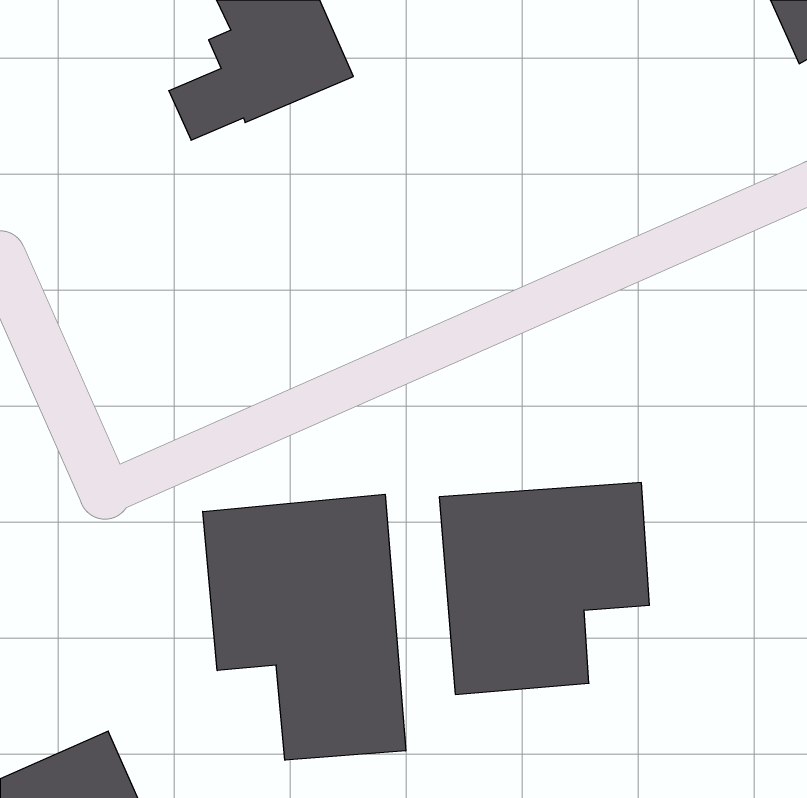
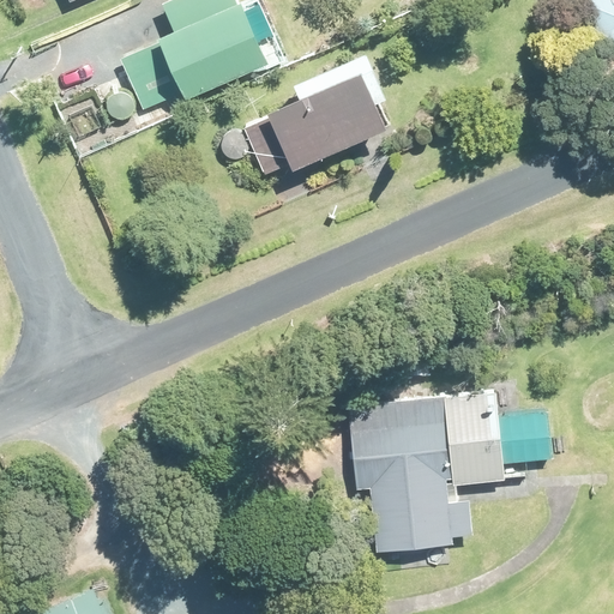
building: none -> [251,78,390,179]
building: [203,494,406,760] -> none

